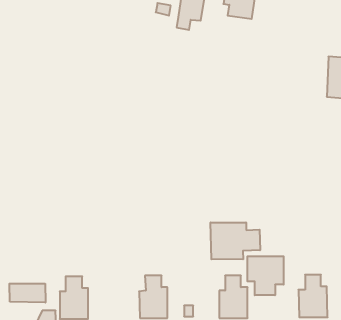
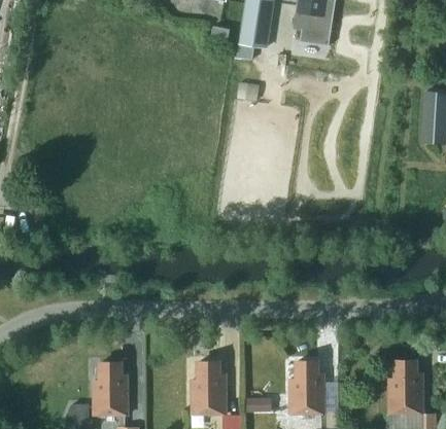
building: [211,222,260,259] -> none
building: [247,256,284,295] -> none
building: [9,284,45,303] -> none

